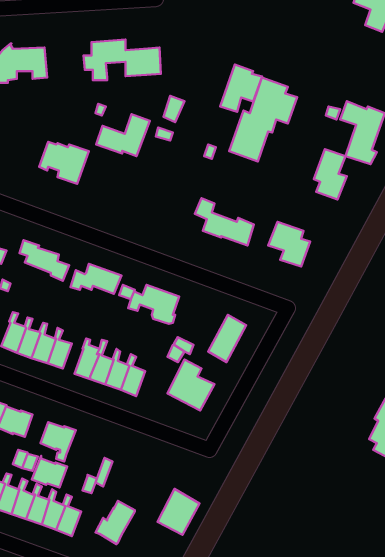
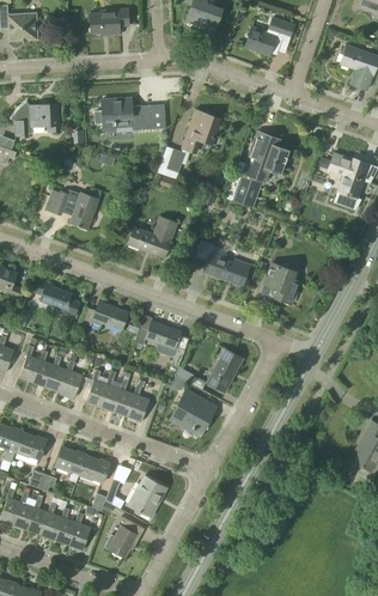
building: [220,65,262,112] -> [182,110,220,153]
building: [96,114,150,156] -> [128,217,177,255]
building: [314,149,347,200] -> none
building: [32,456,67,487] -> [79,454,111,482]
building: [158,489,200,535] -> [129,475,167,517]

